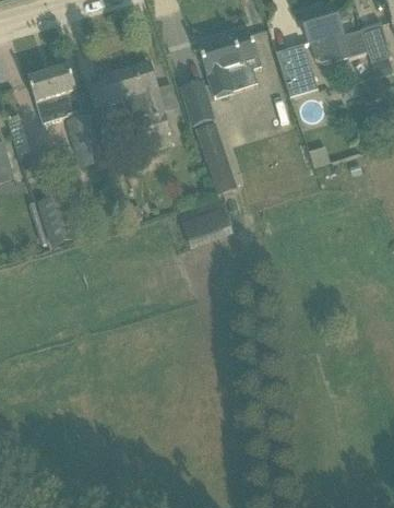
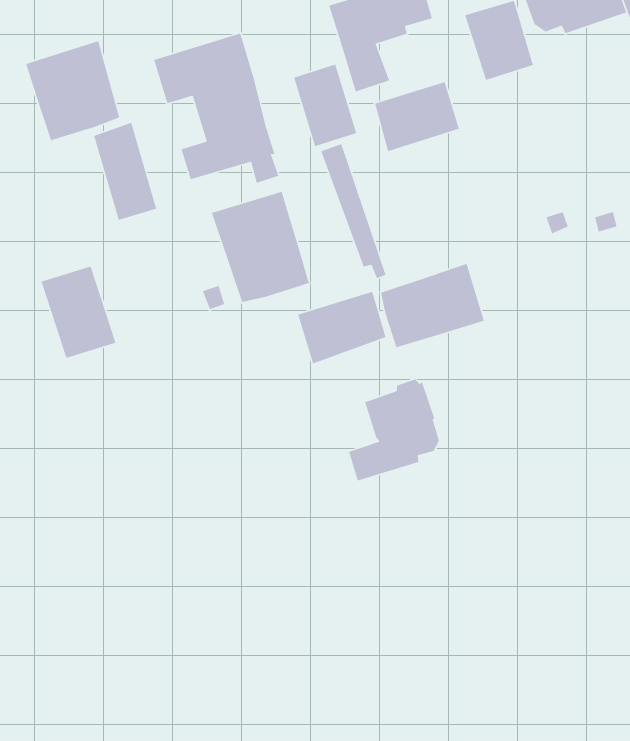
building: none -> [374,81,460,152]
building: none -> [211,191,310,303]
building: none -> [380,263,485,348]
building: none -> [348,379,440,482]

